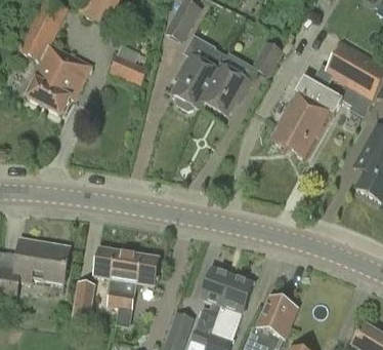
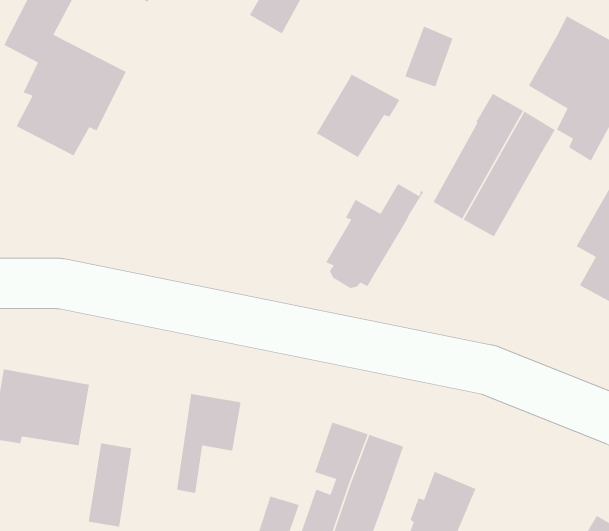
building: [109,43,147,83] -> none
building: [173,46,230,108] -> [325,183,424,289]
building: [93,245,129,307] -> none

